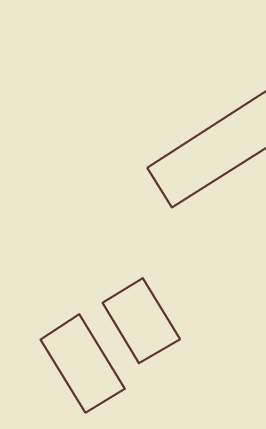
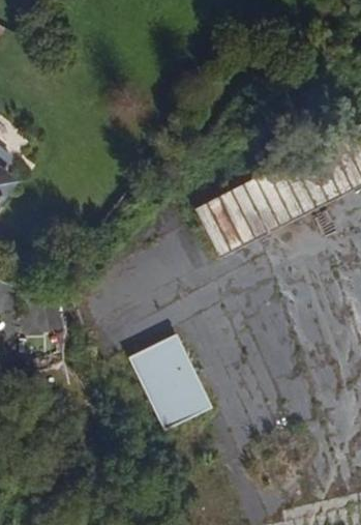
building: [40,314,125,413] -> none

